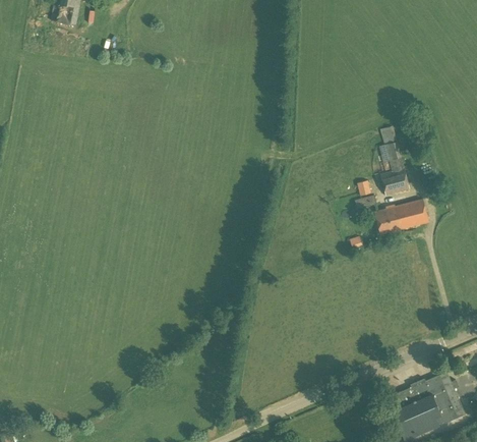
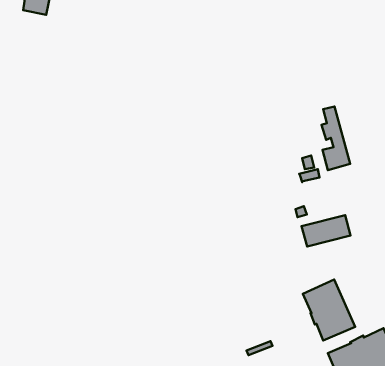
building: [374,200,428,234] -> [302,215,351,246]
building: none -> [303,279,355,341]

